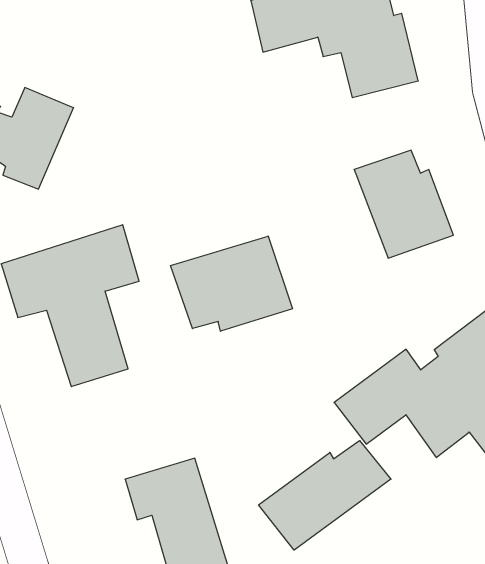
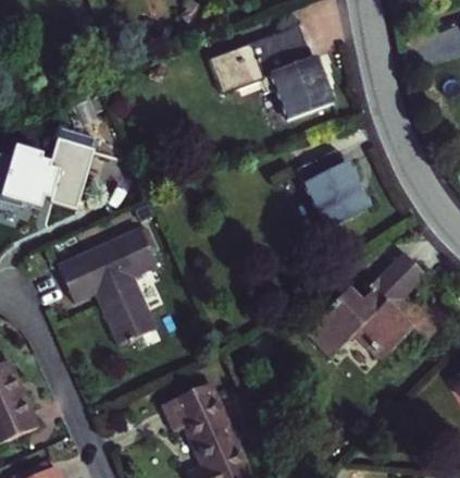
building: [171,236,292,331] -> none
building: [259,441,391,550] -> none

